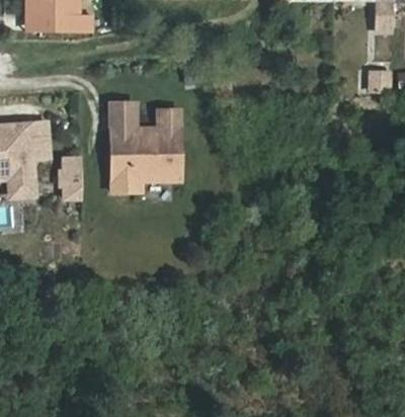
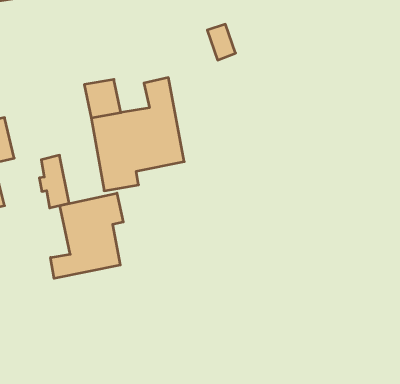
building: none -> [51,193,123,278]

